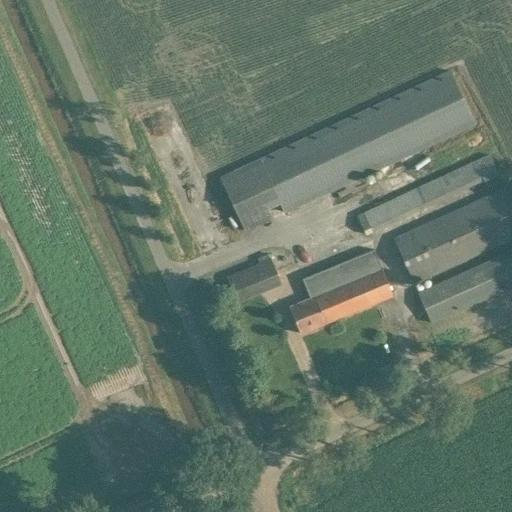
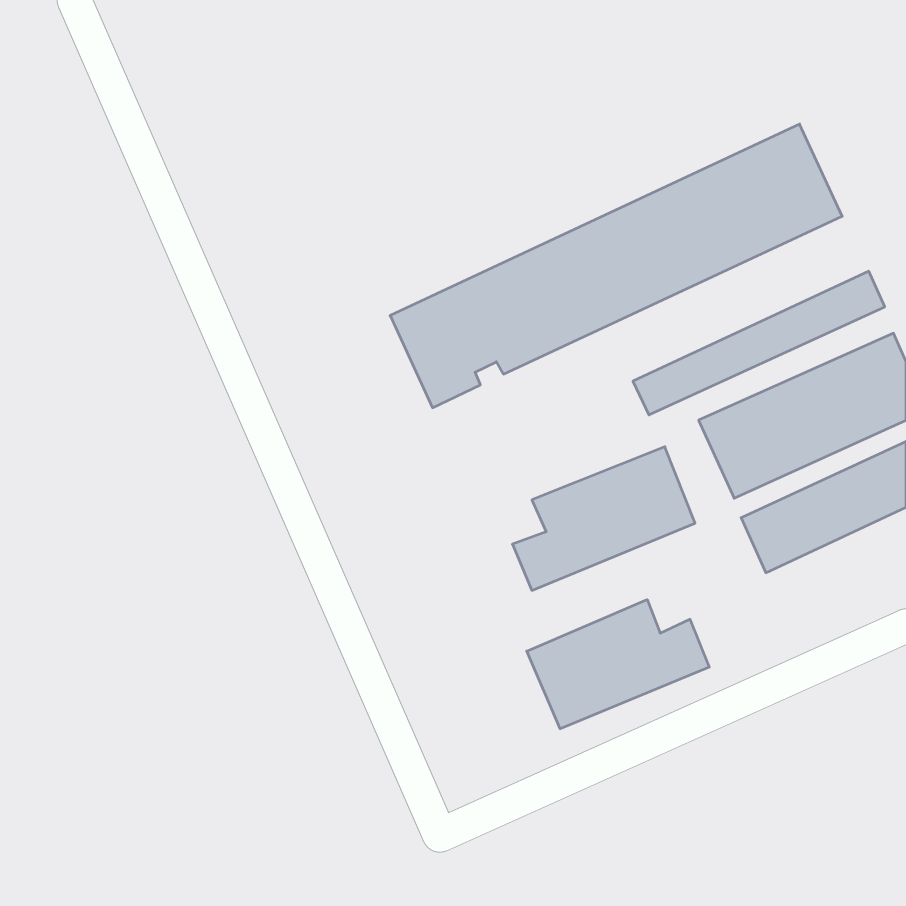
building: [228,254,281,301] -> none
building: none -> [527,600,709,729]

